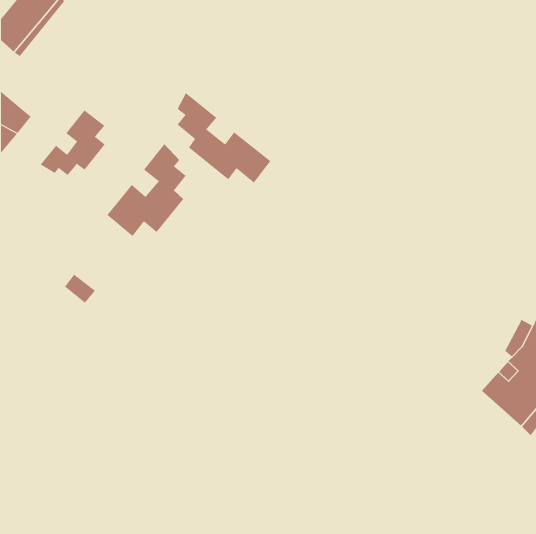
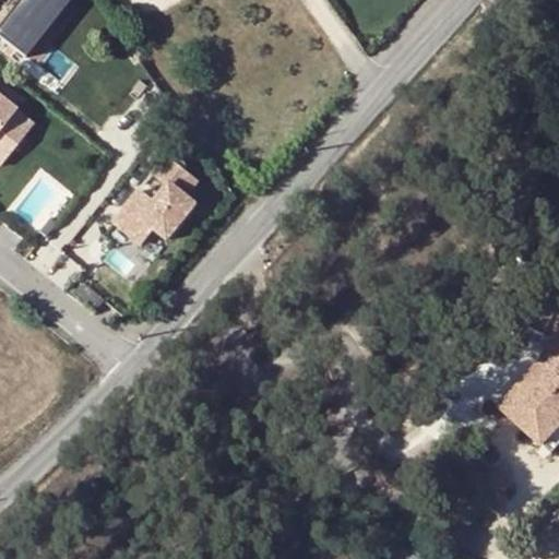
building: [177,92,271,184] -> none
building: [40,109,106,176] -> none

